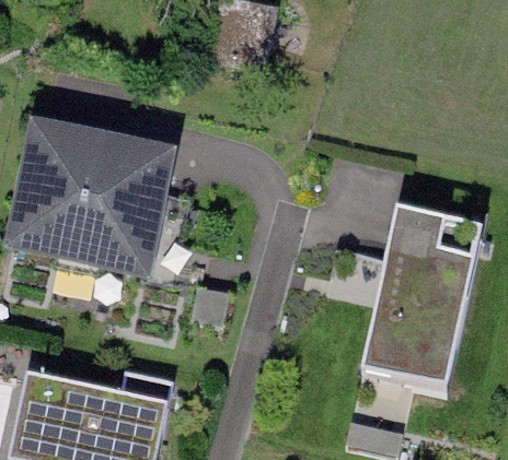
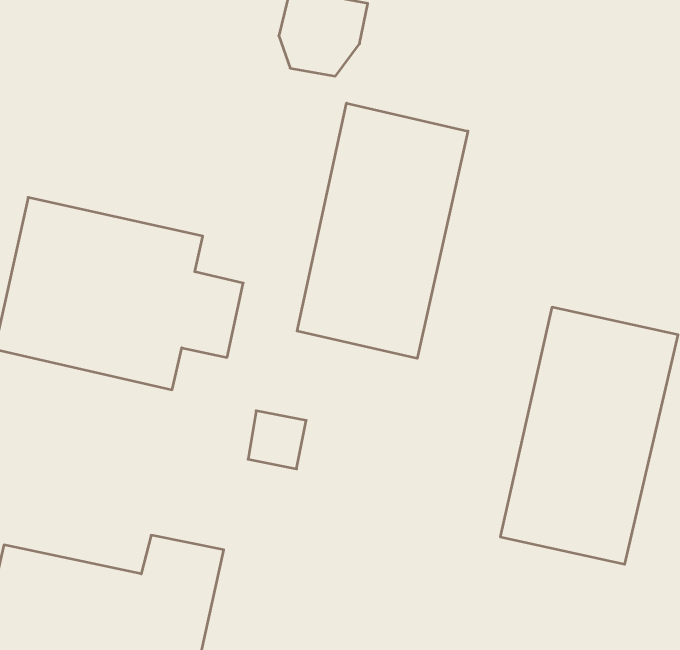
building: none -> [297,103,468,358]

